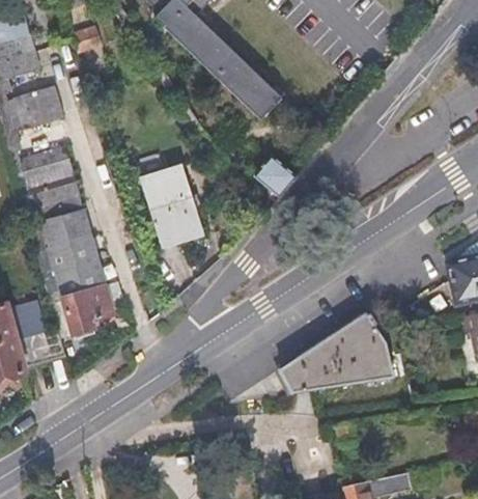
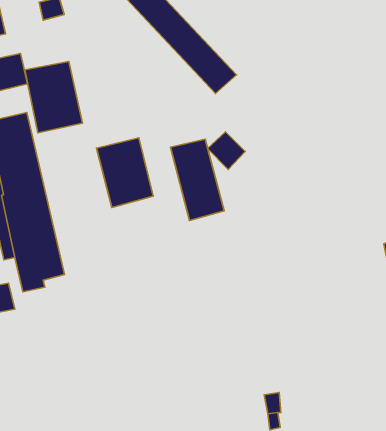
building: none -> [25,61,82,133]
building: none -> [171,139,224,221]
building: [259,311,393,396] -> none

